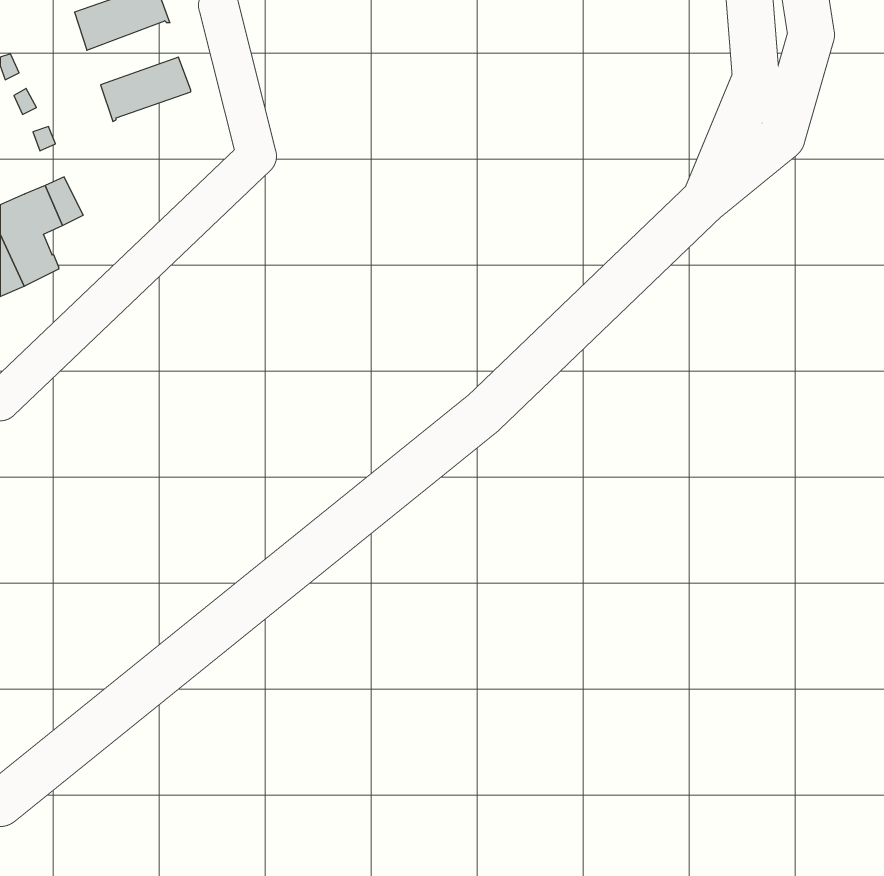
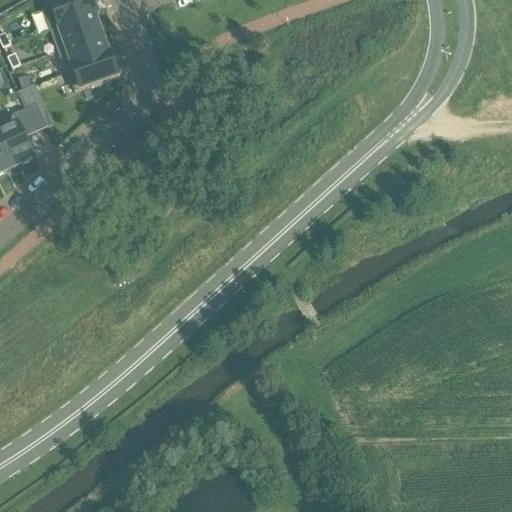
building: none -> [51,12,104,49]
building: none -> [68,52,121,90]

